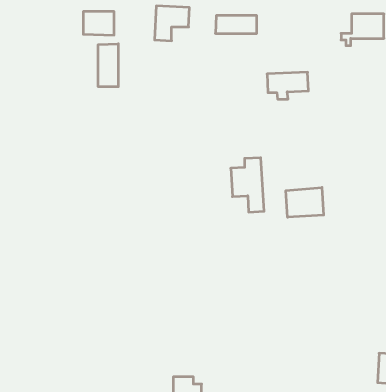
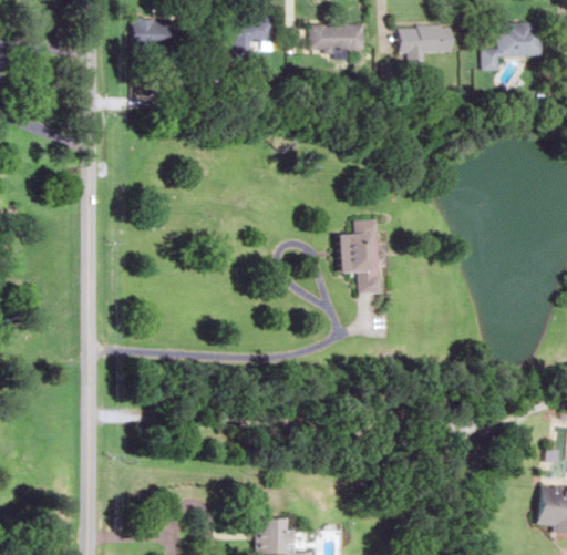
building: [98,44,118,87] -> none
building: [267,72,308,99] -> [399,25,455,62]
building: [286,187,324,217] -> none

